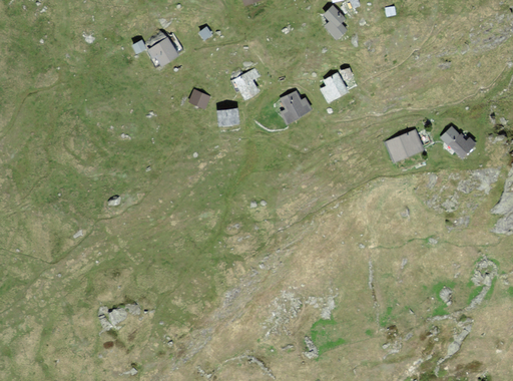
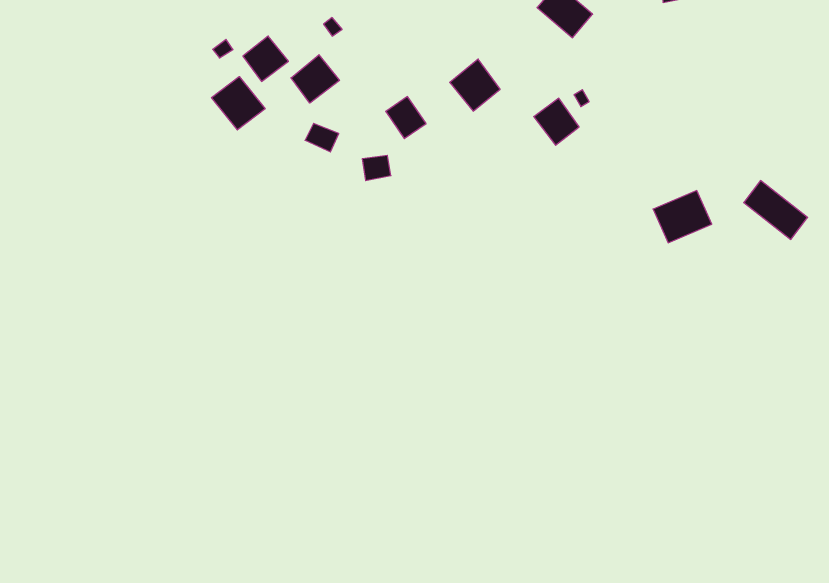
building: none -> [291,55,339,103]
building: none -> [212,77,265,130]
building: [276,91,306,122] -> [450,59,500,111]

